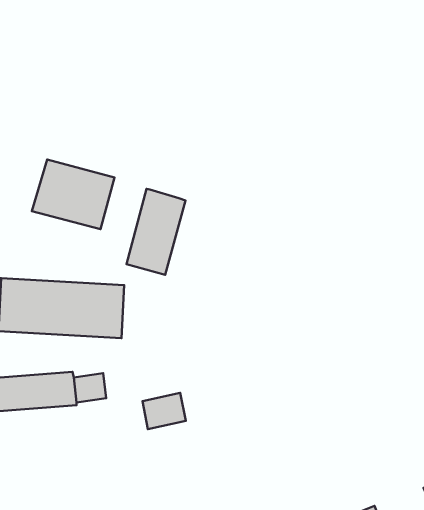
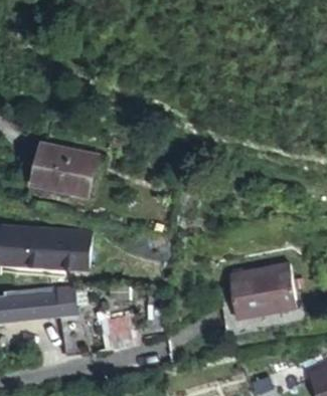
building: [126,189,185,275] -> none
building: none -> [227,264,296,316]

